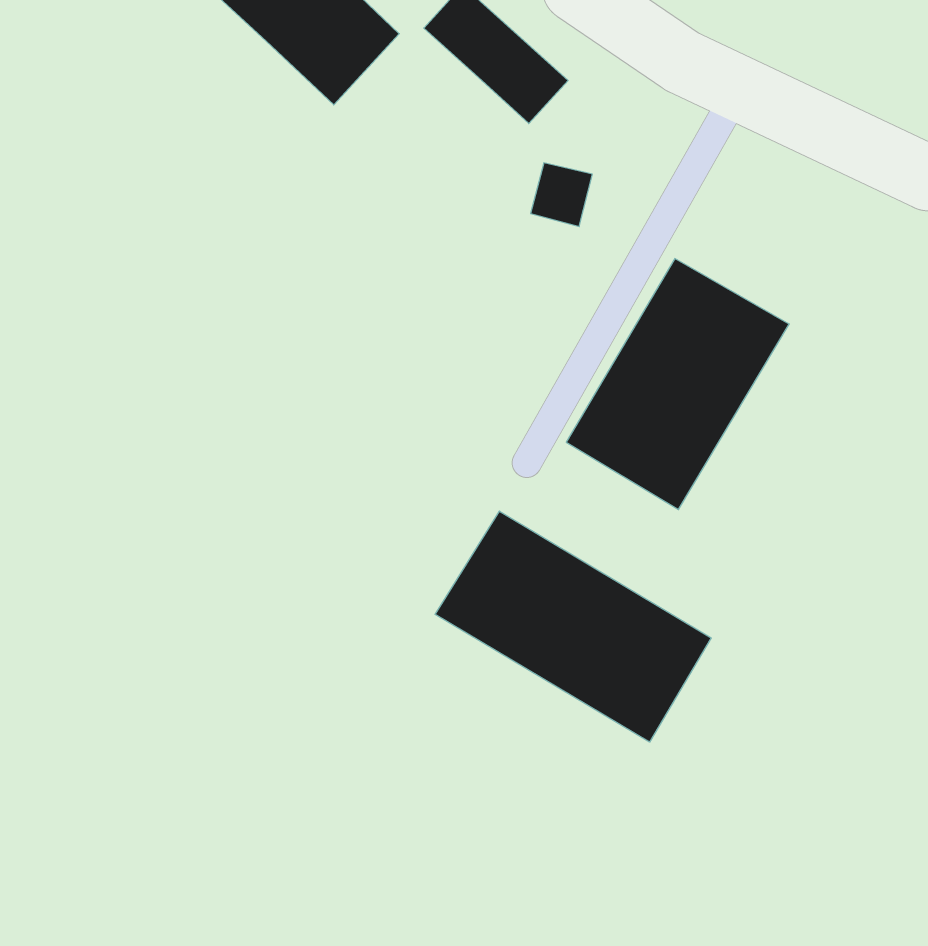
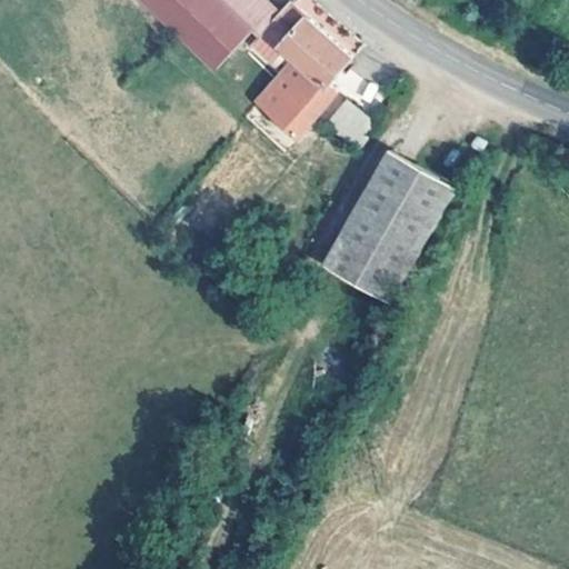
building: none -> [248,48,325,124]
building: [435,511,711,742] -> none

